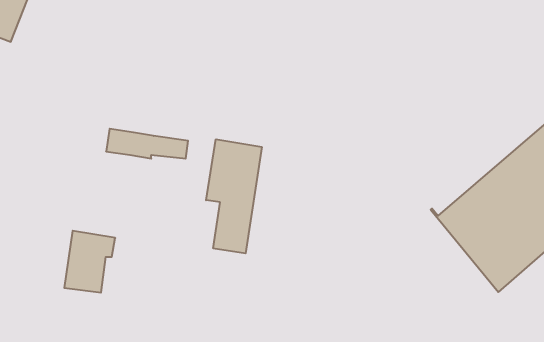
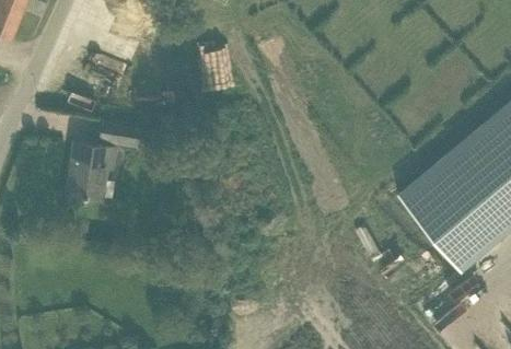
building: [206,139,262,253] -> none
building: [64,231,115,293] -> [67,142,114,199]

